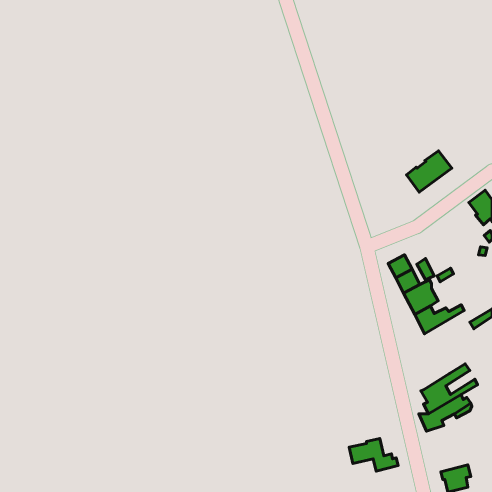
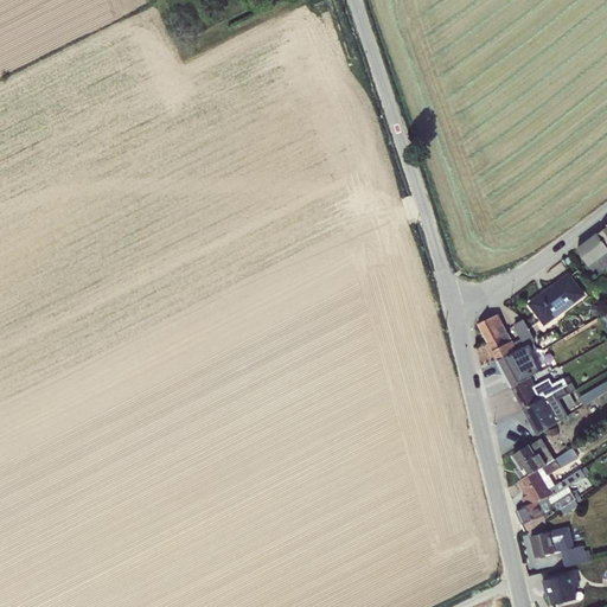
building: [407,151,452,192] -> [529,274,584,325]
building: none -> [523,382,575,434]
building: none -> [513,437,554,479]
building: [349,439,398,471] -> [531,525,592,566]

